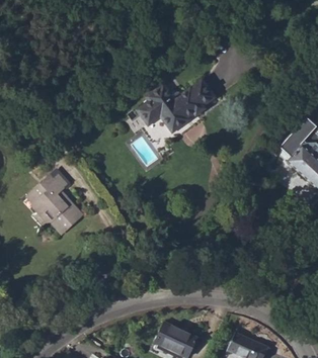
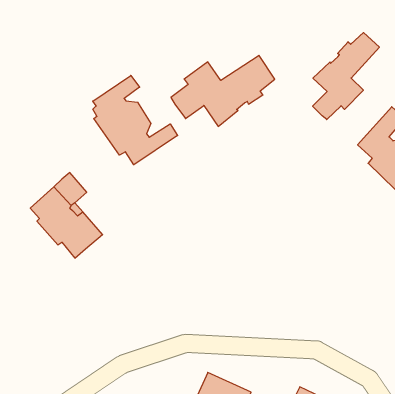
building: none -> [313,33,379,120]
building: none -> [93,75,178,165]

